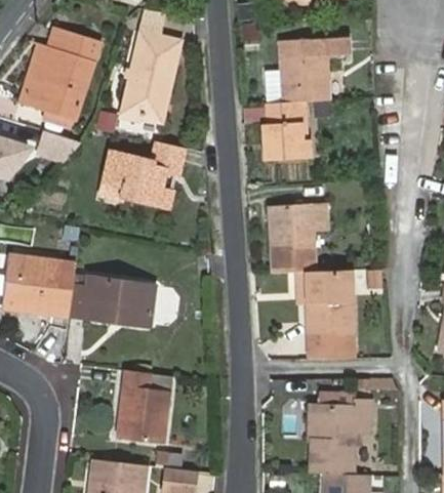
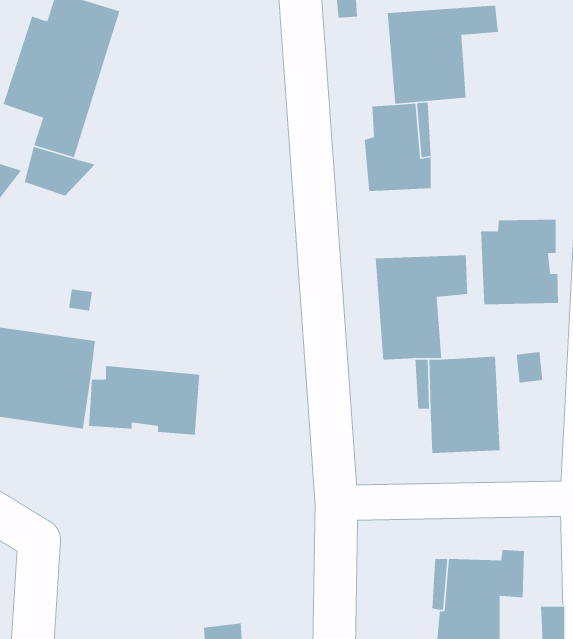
building: [124,38,175,125] -> none
building: [96,141,188,211] -> none
building: none -> [480,219,559,305]
building: [307,334,354,362] -> none
building: [113,371,165,441] -> none

